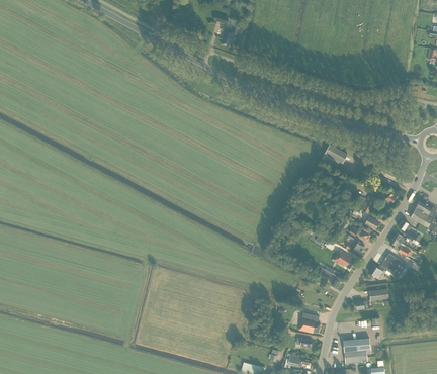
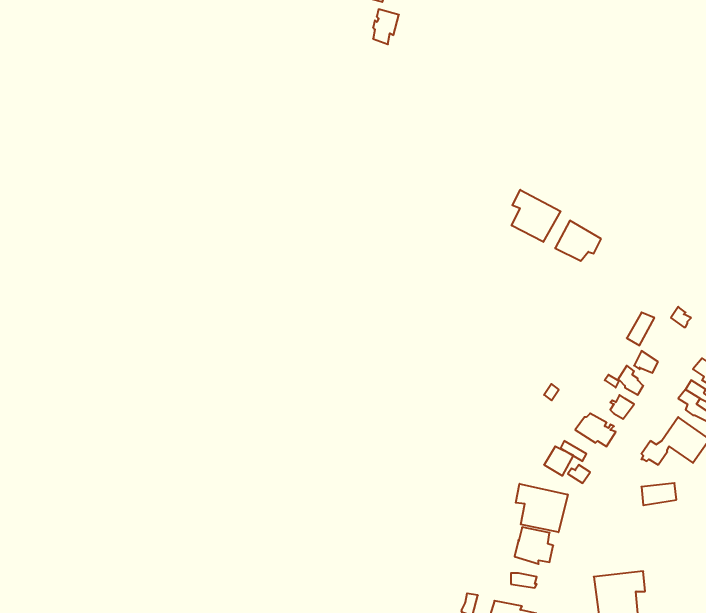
building: none -> [512,190,561,242]
building: none -> [516,484,568,532]

